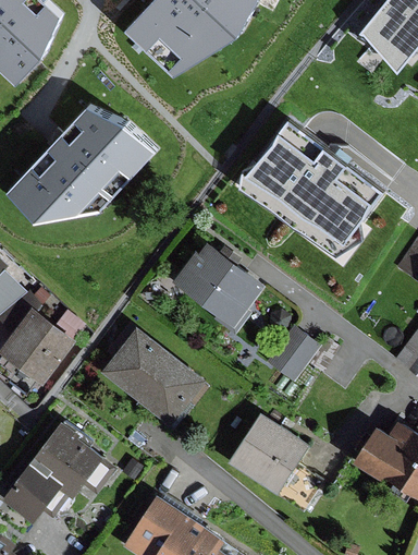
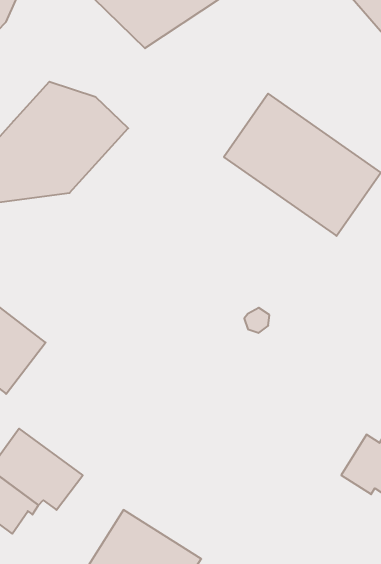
building: [171,245,263,328] -> none
building: [98,326,205,427] -> none
building: [265,327,318,383] -> none
building: [226,415,307,496] -> none

